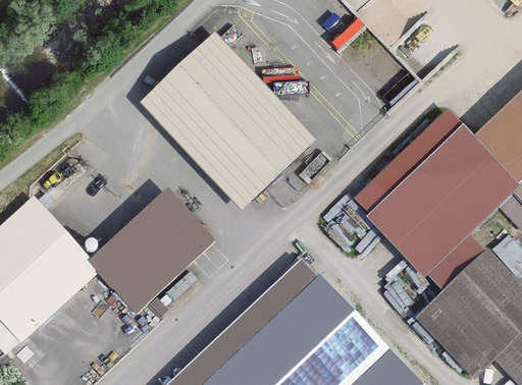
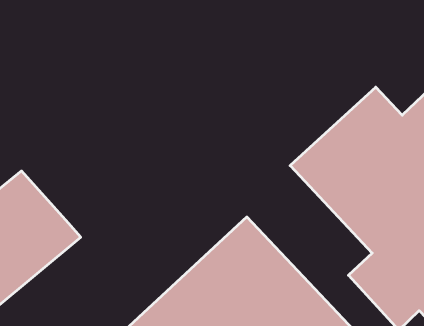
building: [139,40,315,212] -> none
building: [90,184,220,313] -> none

